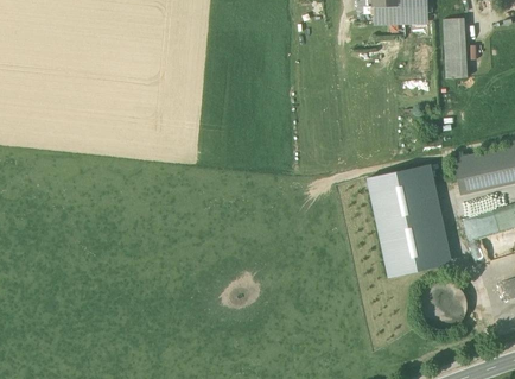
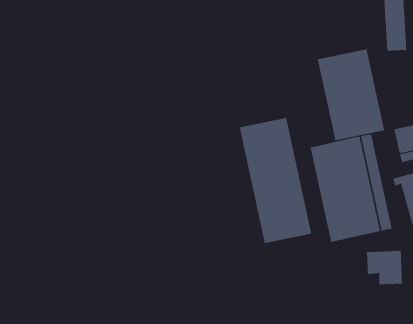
building: none -> [317,49,385,141]
building: none -> [239,117,312,244]

